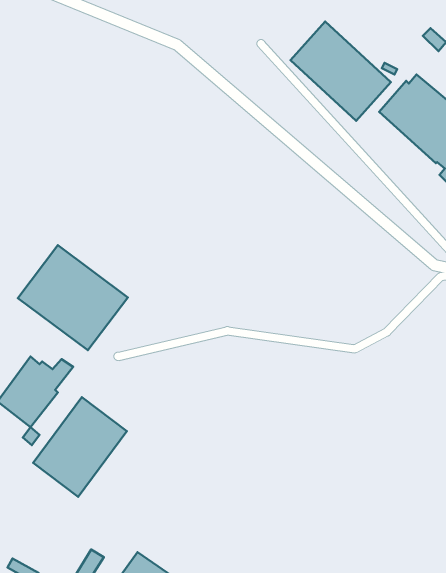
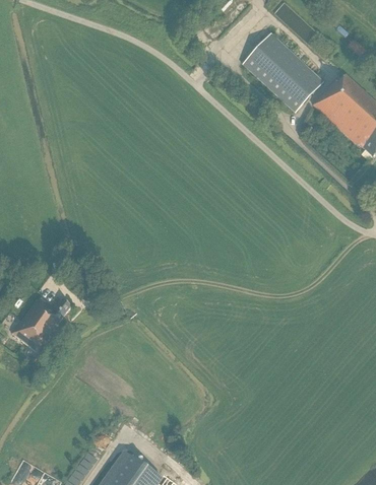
building: [18,245,128,350] -> none
building: [33,397,127,497] -> none

